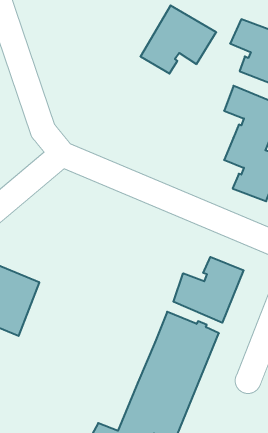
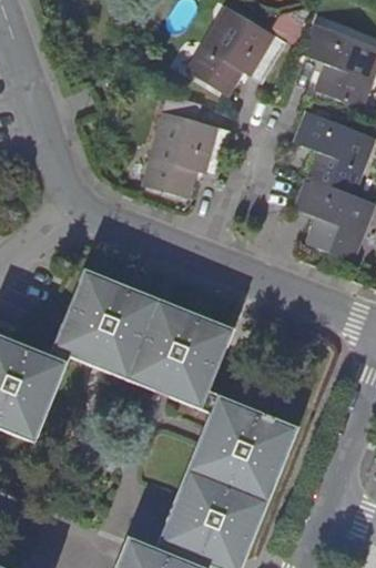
building: none -> [144,114,231,199]
building: none -> [60,276,225,399]
building: [173,257,244,323] -> none

